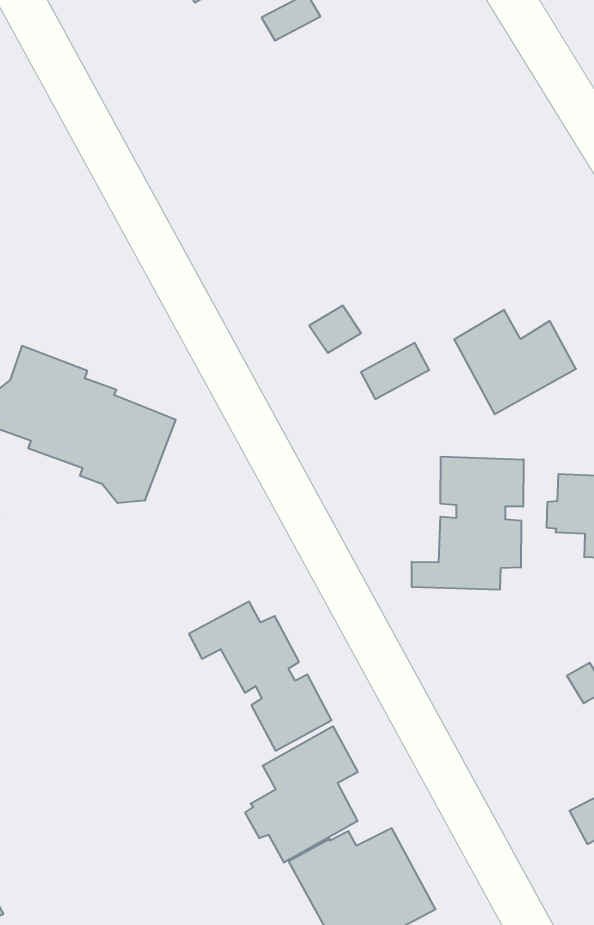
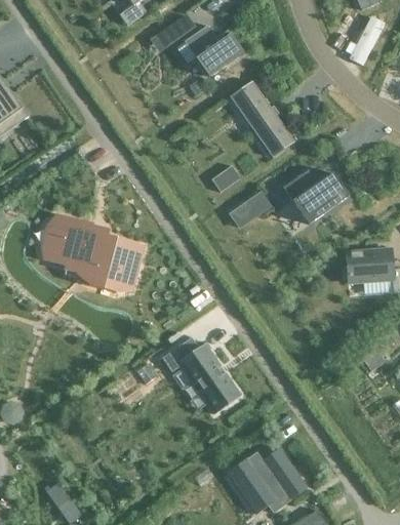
building: none -> [184,25,243,76]
building: none -> [230,80,294,156]
building: [412,457,524,590] -> none
building: [245,726,358,863] -> none

